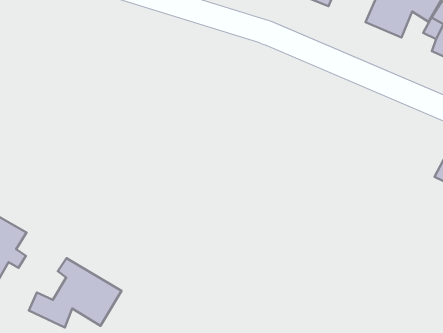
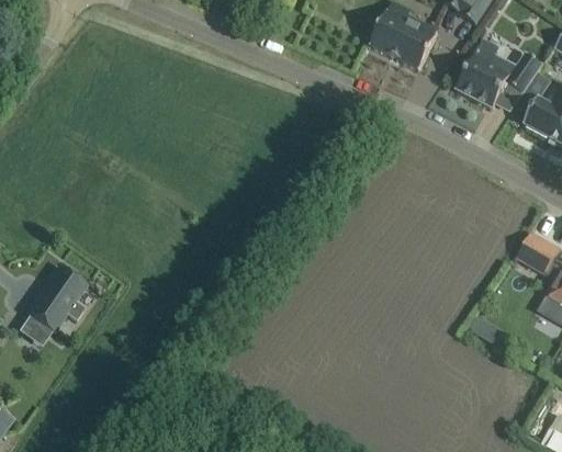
building: [29,258,121,328] -> none

